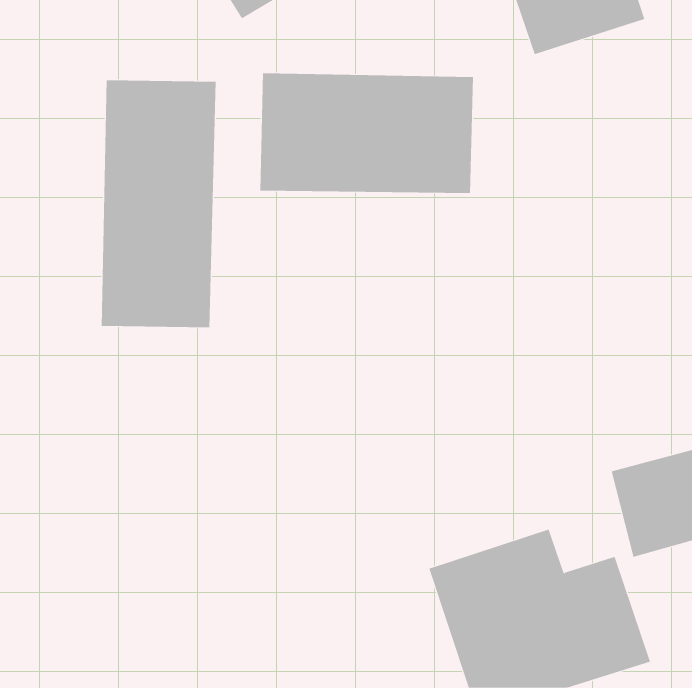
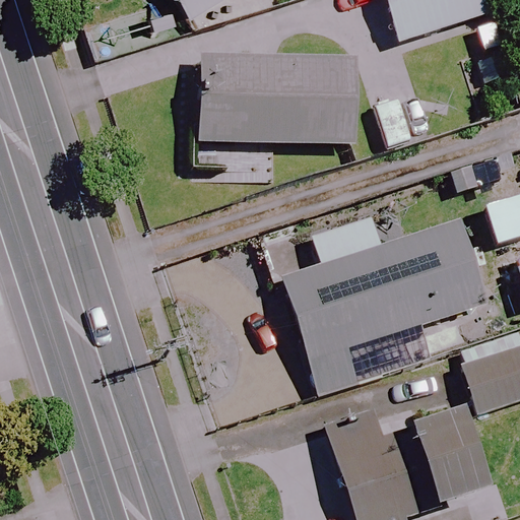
building: [101,80,216,328] -> none
building: none -> [281,218,488,395]

